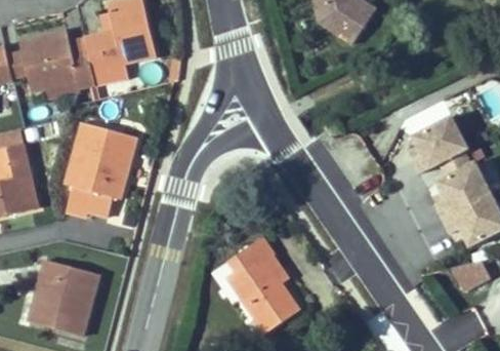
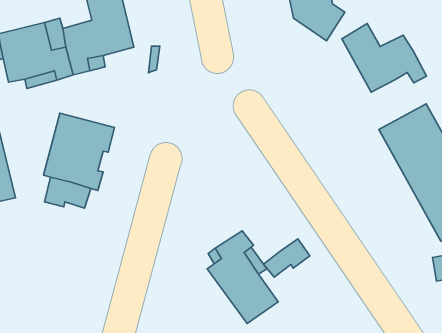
building: none -> [342,24,427,92]
building: none -> [263,239,310,277]
building: [29,260,99,336] -> none

